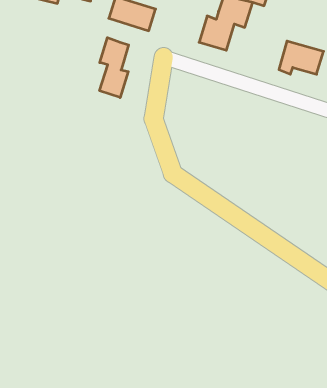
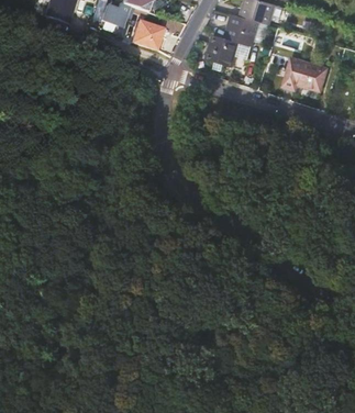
building: [100,38,129,98] -> none

